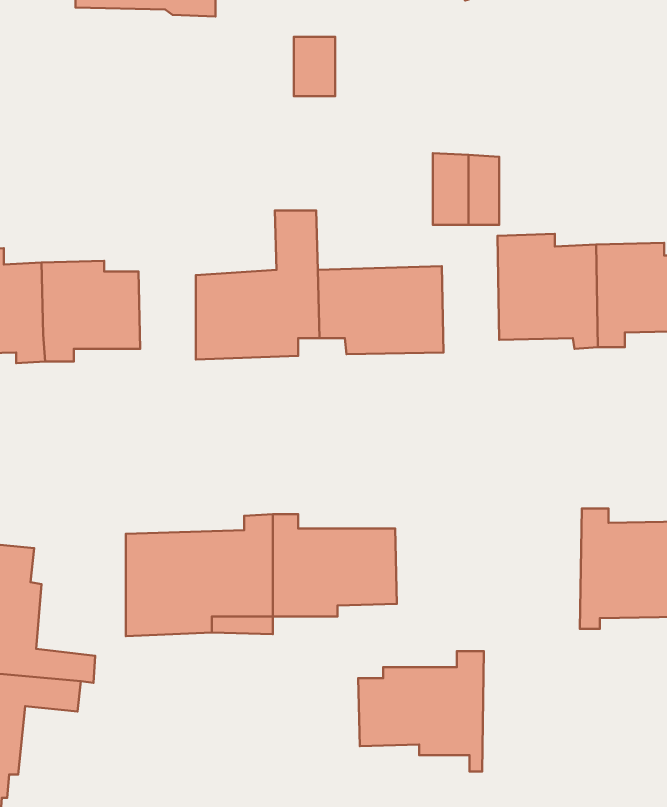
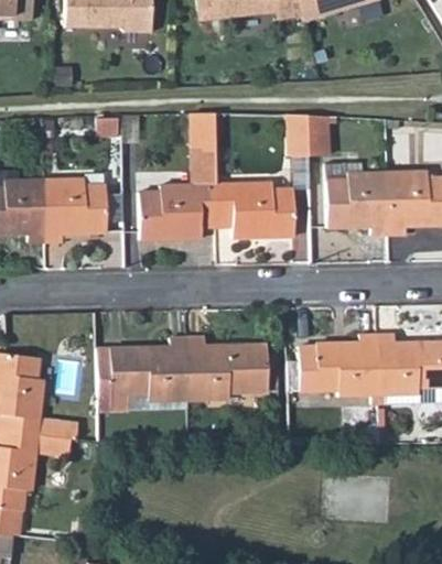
building: [294,37,335,96] -> [188,113,214,150]
building: [358,651,484,771] -> [300,333,377,406]

